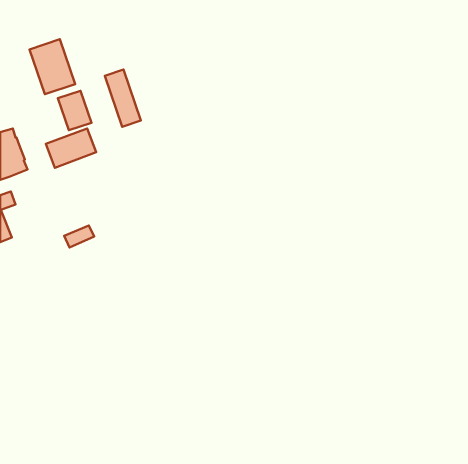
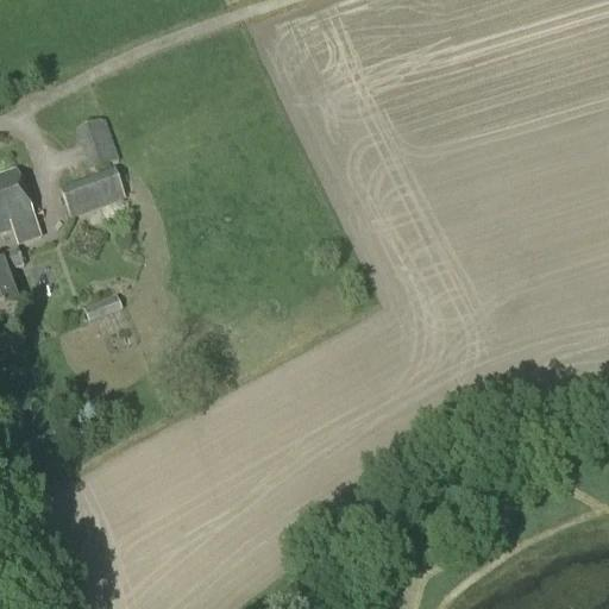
building: [29,39,75,94] -> none
building: [105,70,141,127] -> none

